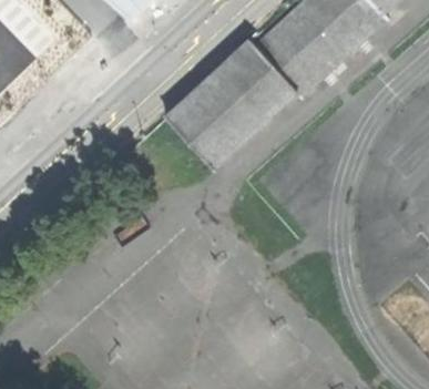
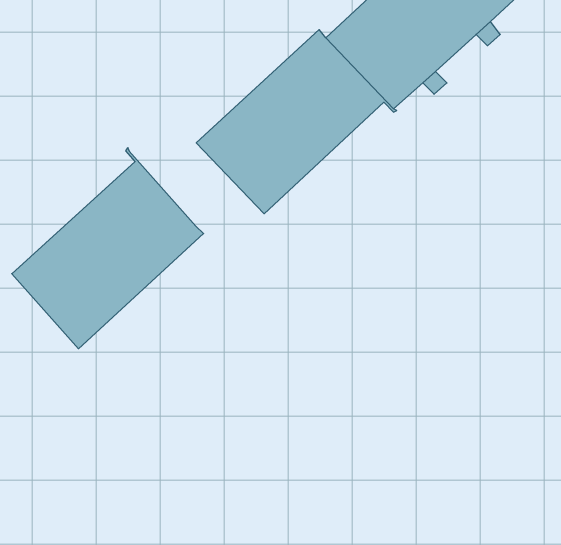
building: none -> [12,148,204,349]

